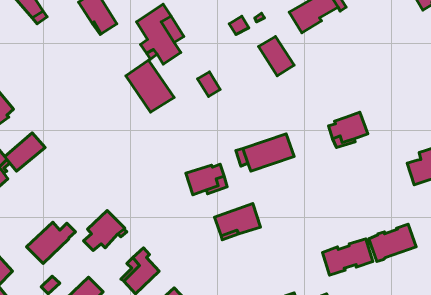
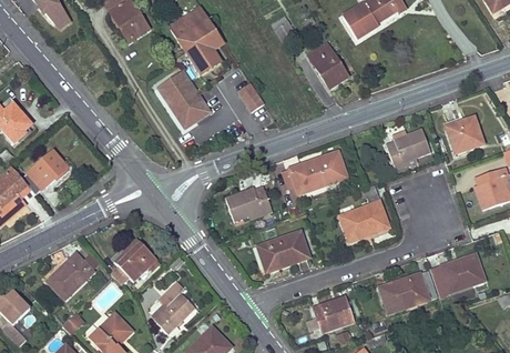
building: none -> [446,117,482,152]
building: none -> [339,185,388,242]
building: none -> [313,295,354,330]

